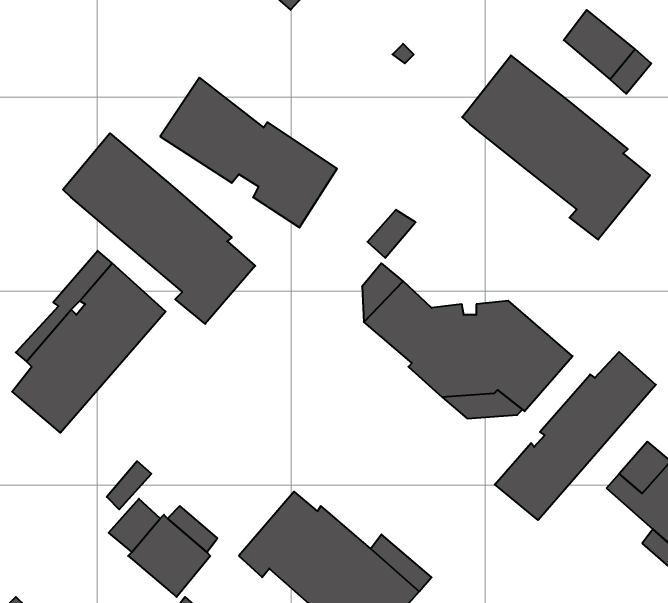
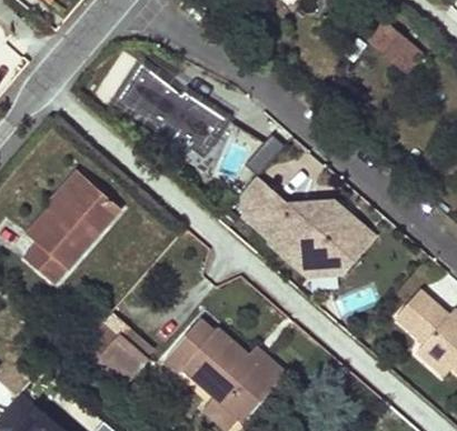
building: [462,55,650,240] -> none
building: [63,133,255,324] -> none
building: [495,352,656,520] -> none

